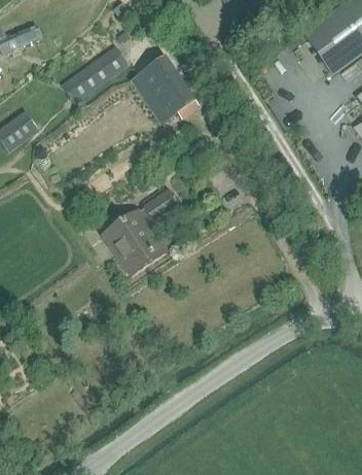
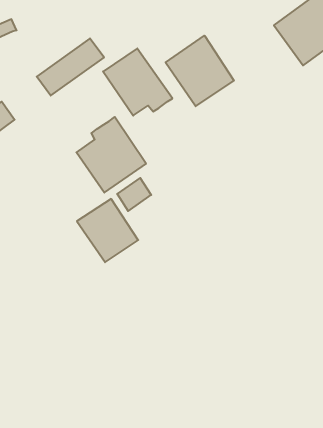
building: none -> [166,36,234,106]
building: none -> [76,117,146,193]

